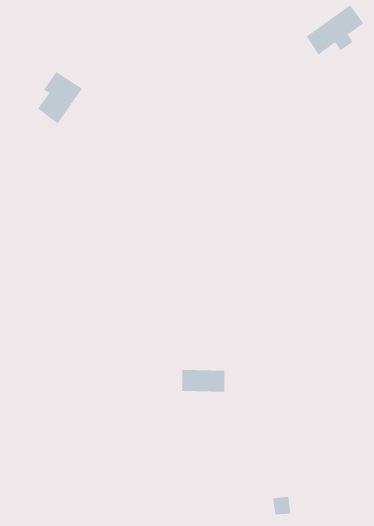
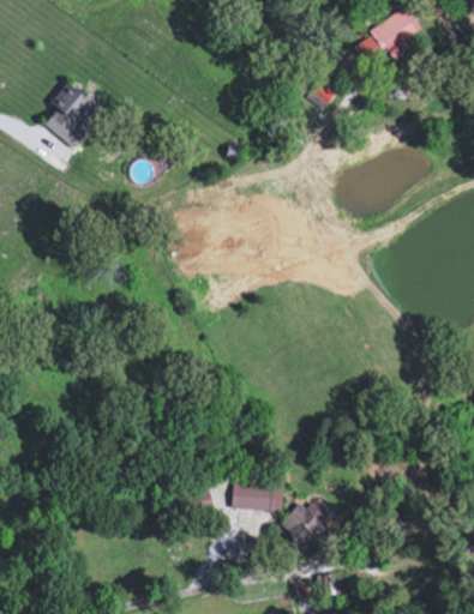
building: [181,369,225,392] -> [233,483,283,510]
building: none -> [281,500,329,543]

